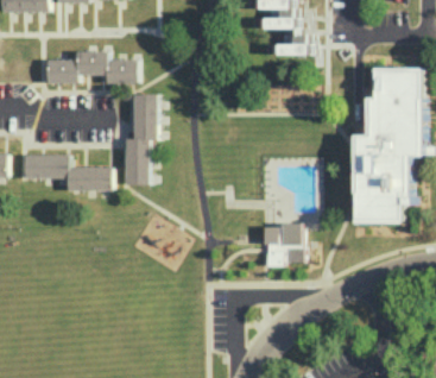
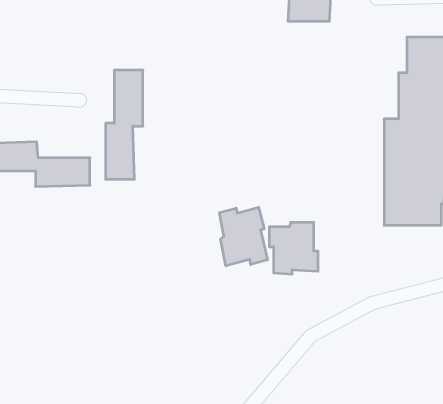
building: [48,51,138,84] -> none
building: none -> [219,207,267,266]

